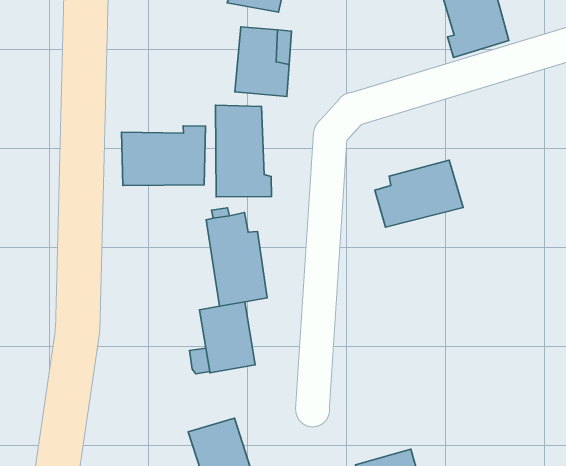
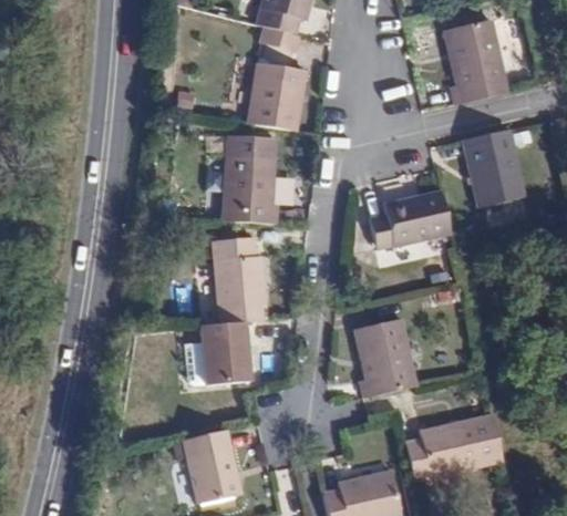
building: none -> [465,127,525,205]
building: [122,126,206,185] -> none
building: none -> [355,319,415,398]
building: none -> [406,413,504,481]

